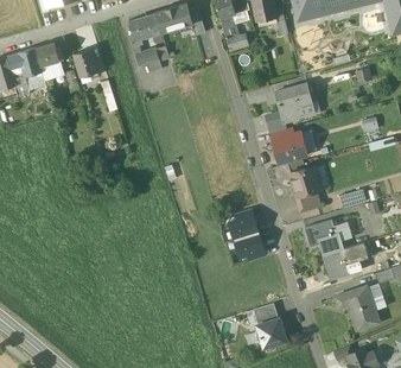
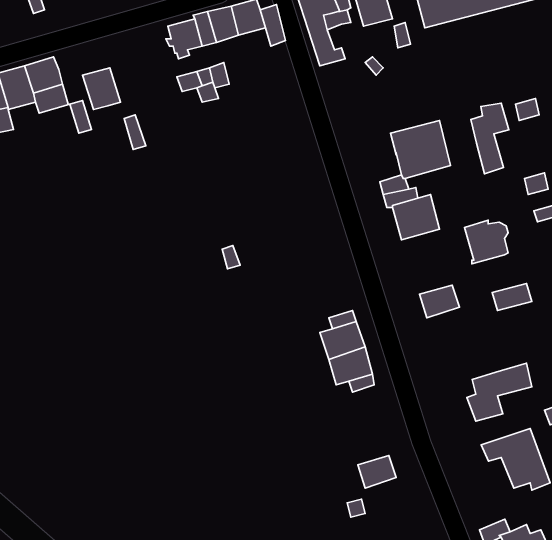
building: none -> [471,103,509,174]
building: [289,169,318,197] -> [465,220,508,264]
building: [305,218,344,255] -> none
building: [256,317,287,347] -> none

